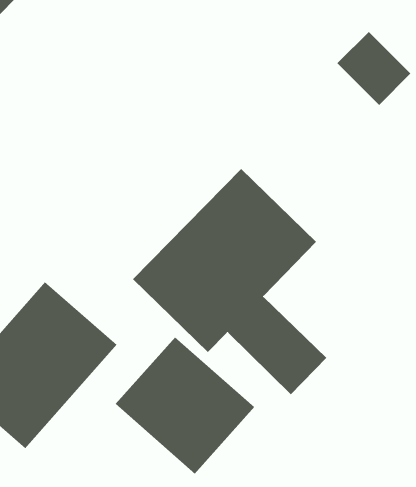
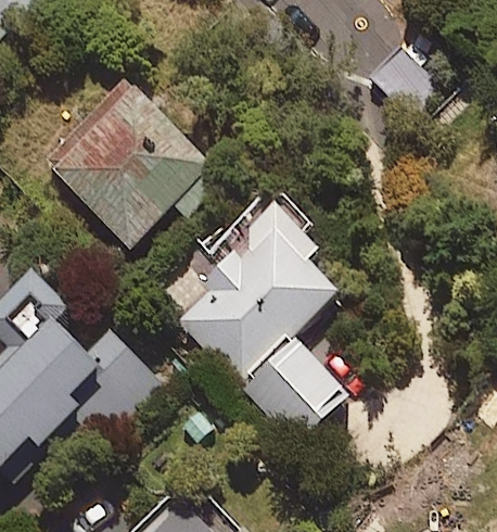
building: none -> [30,69,214,253]
building: [115,336,255,474] -> none

